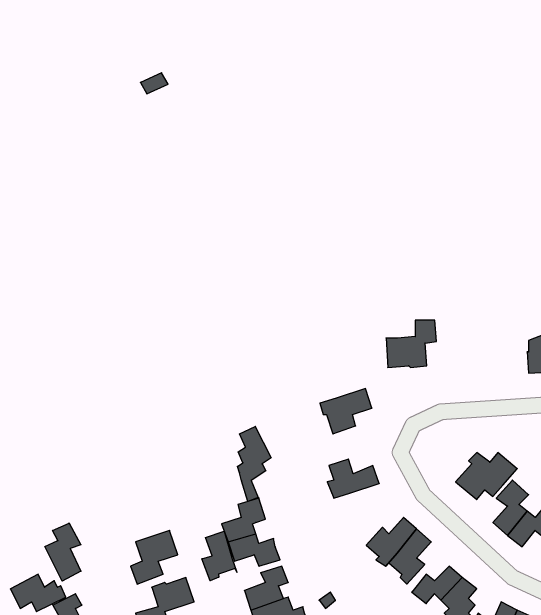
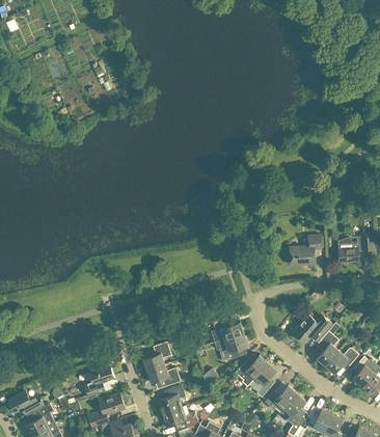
building: [386,320,436,367] -> [289,235,321,265]
building: [320,389,372,434] -> [214,332,247,361]
building: [237,426,271,501] -> none
building: [45,523,81,581] -> none
building: [202,531,237,581] -> none

